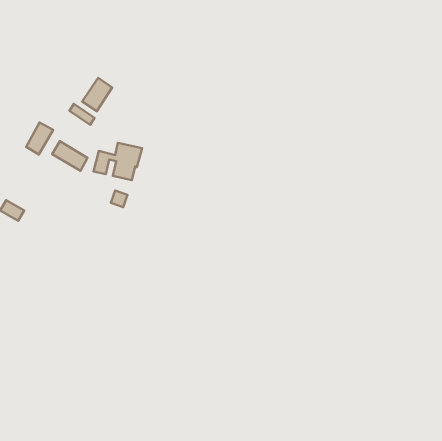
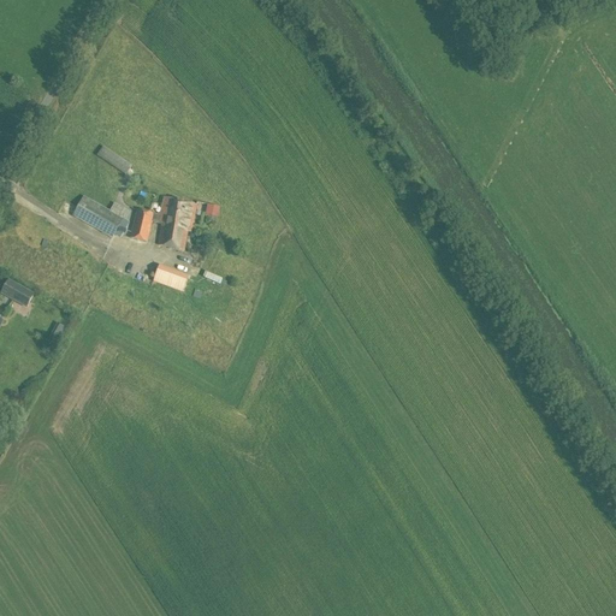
building: [82,78,112,111] -> none
building: [26,122,53,155] -> none

